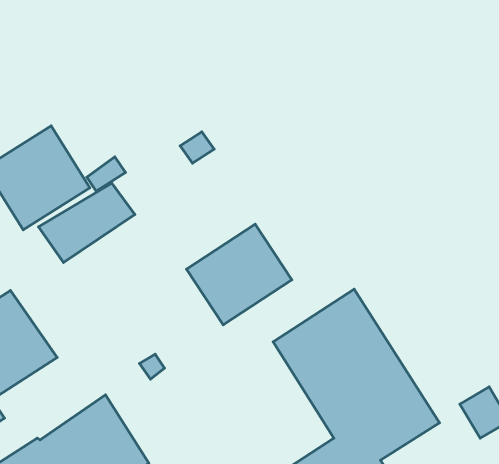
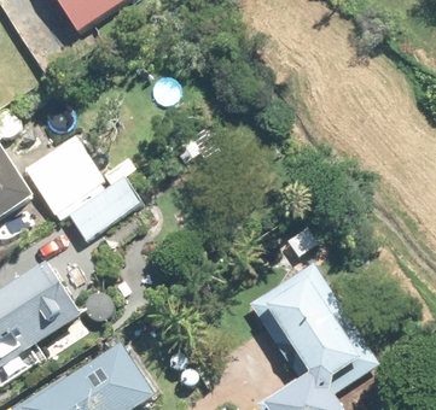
building: [187,224,292,325] -> none

